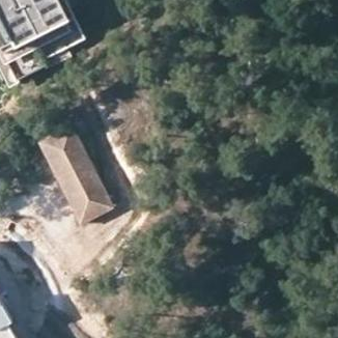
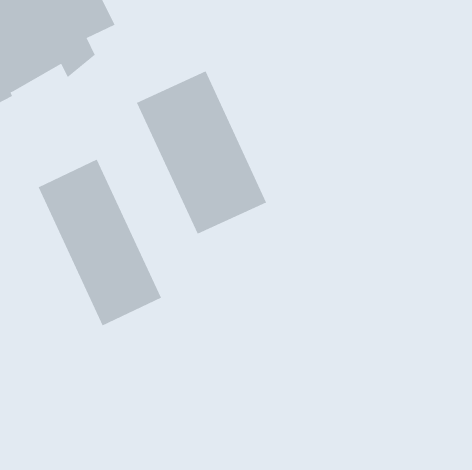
building: none -> [136,71,267,235]

